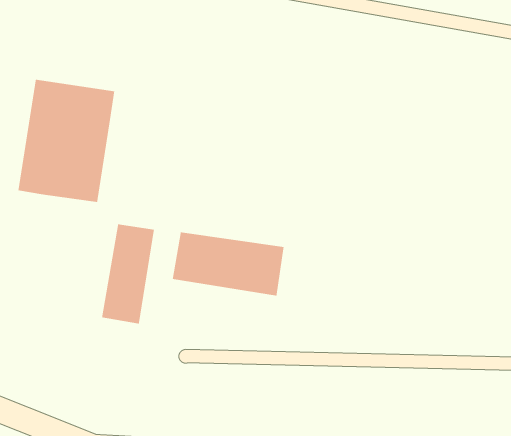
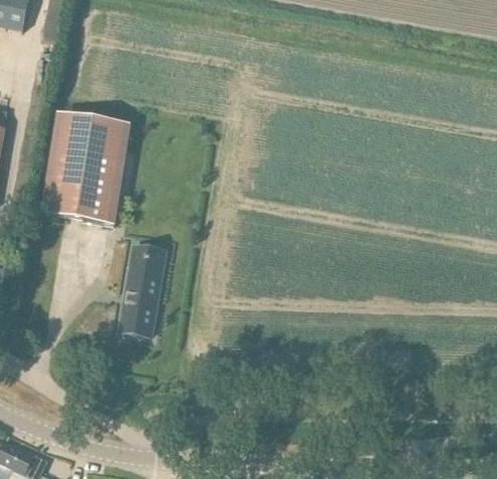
building: [172,231,285,296] -> none

